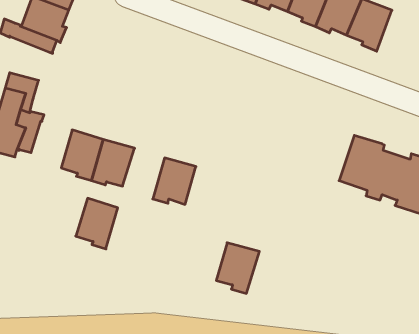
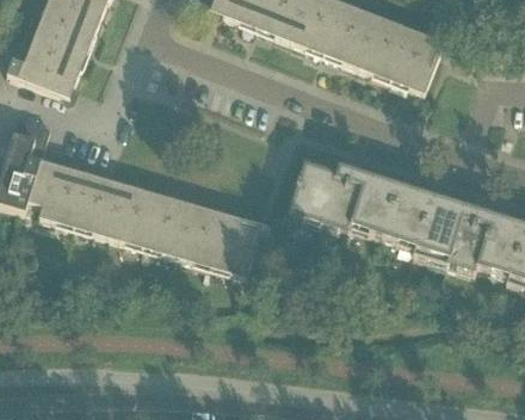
building: none -> [288,160,400,234]
building: none -> [39,168,87,220]
building: [76,198,118,249] -> [143,198,190,254]
building: [216,243,259,293] -> [212,218,260,274]

